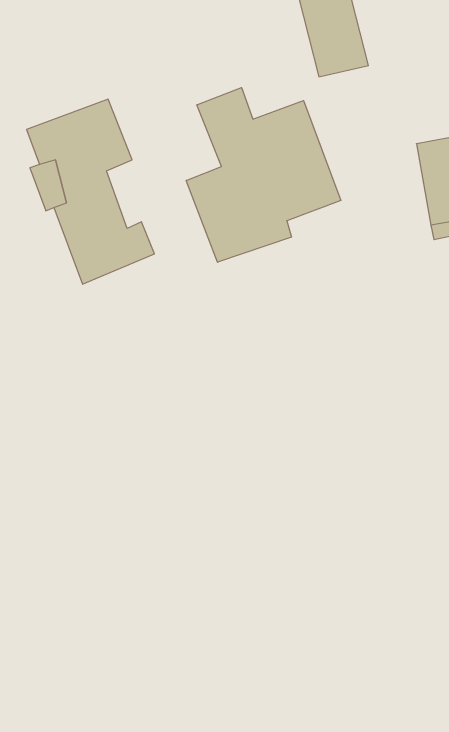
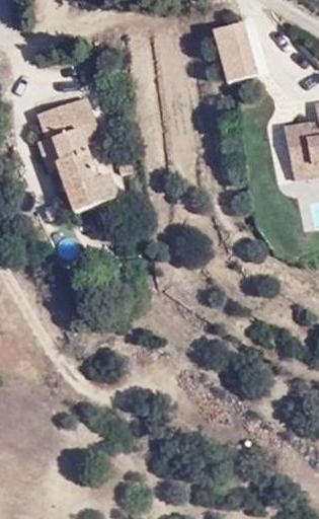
building: [186,88,341,262] -> none

